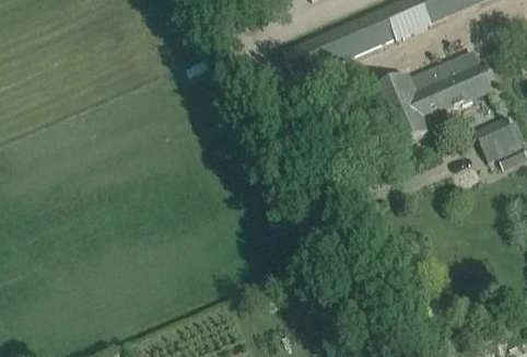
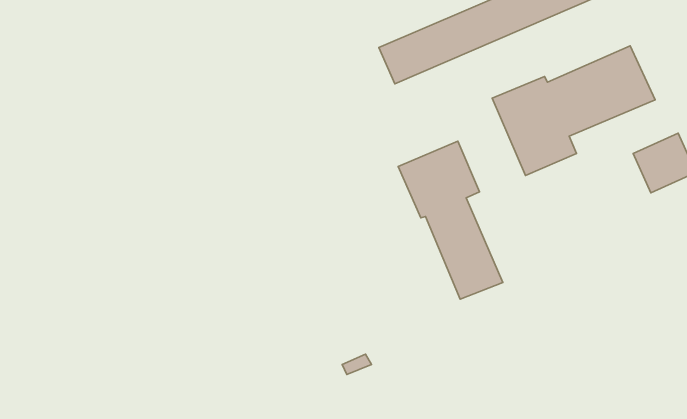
building: none -> [398,141,503,299]

